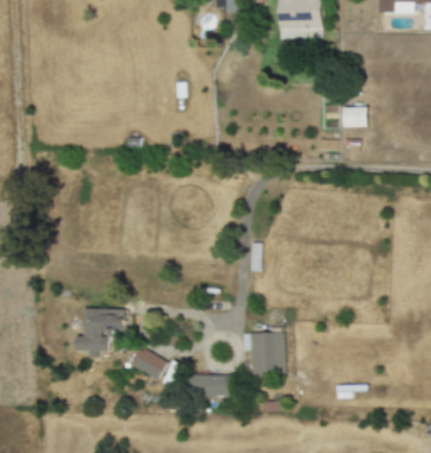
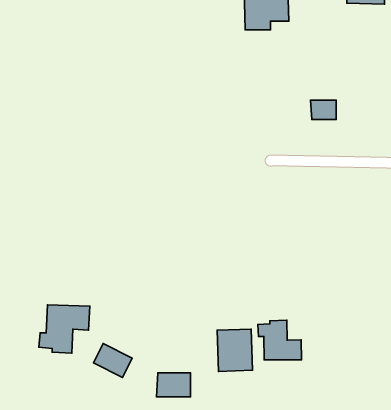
building: none -> [258,320,302,360]

